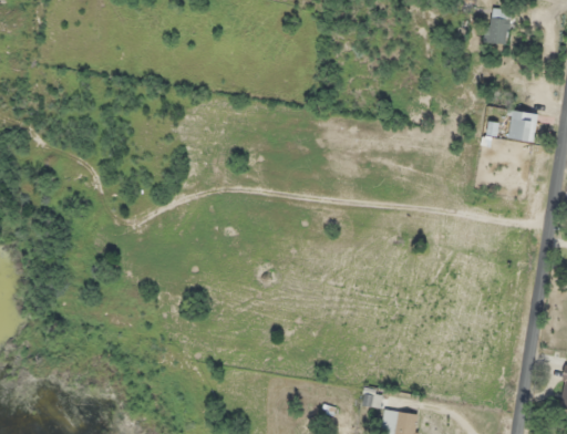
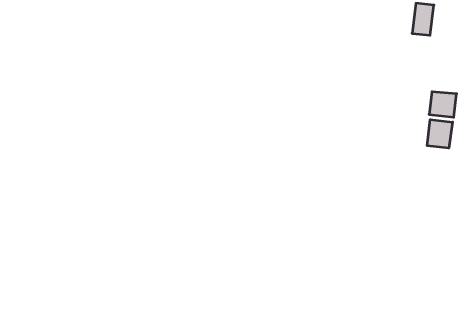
building: none -> [427,120,453,148]

